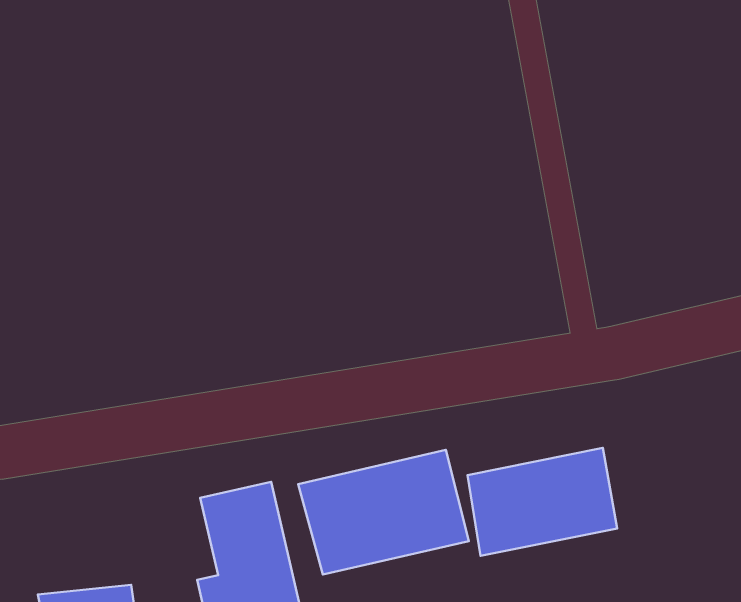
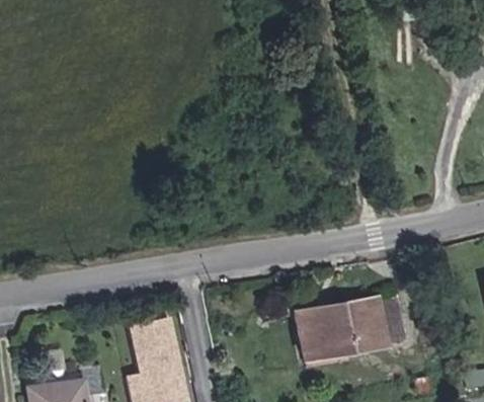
building: [298,450,469,575] -> none

